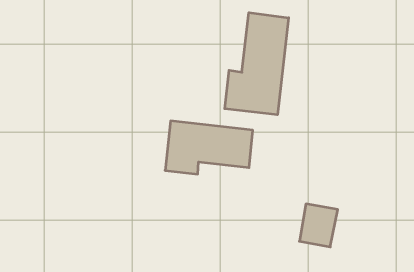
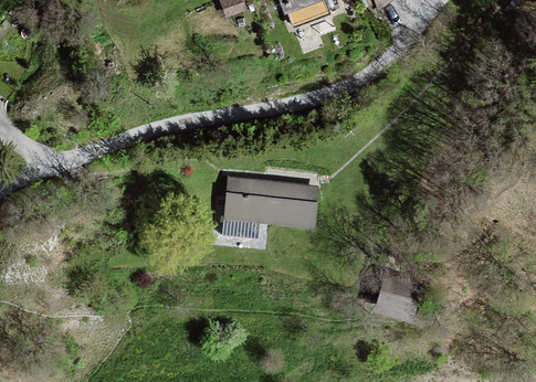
building: [225,13,289,115] -> none

